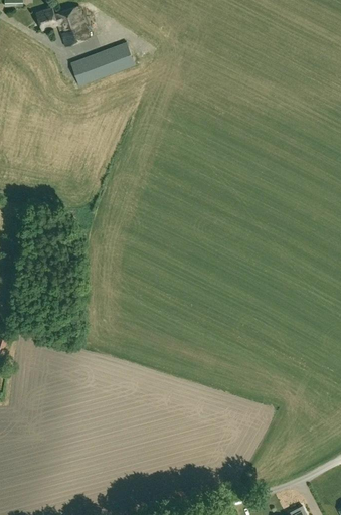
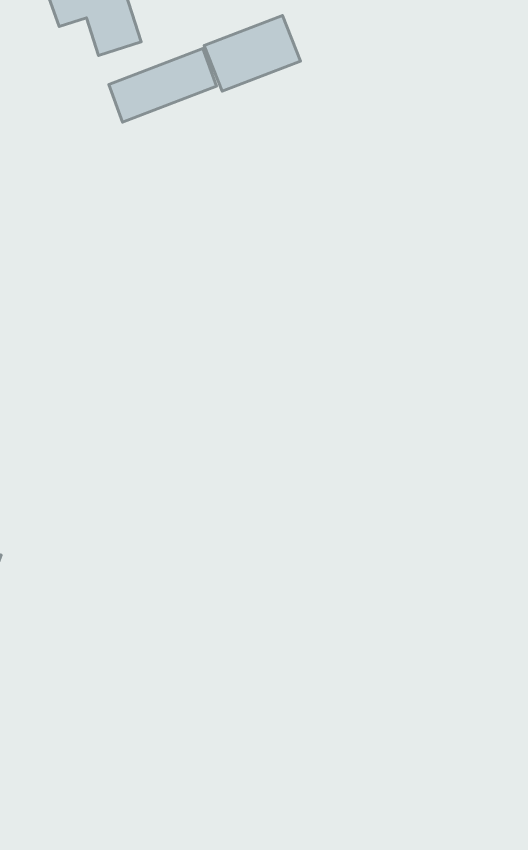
building: none -> [204,16,301,91]

